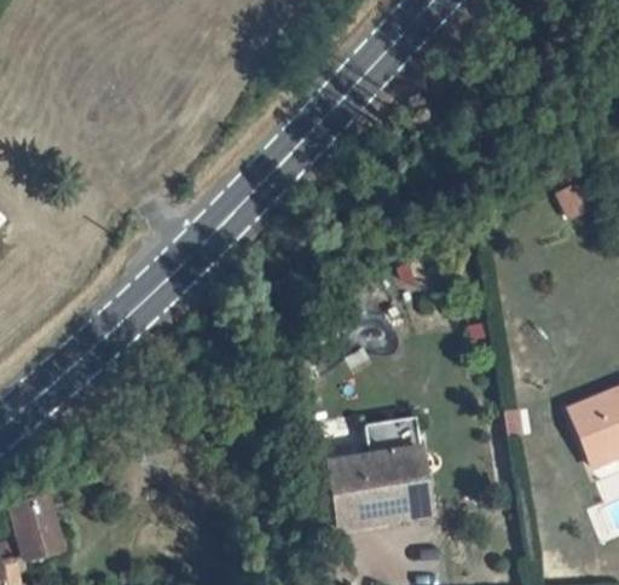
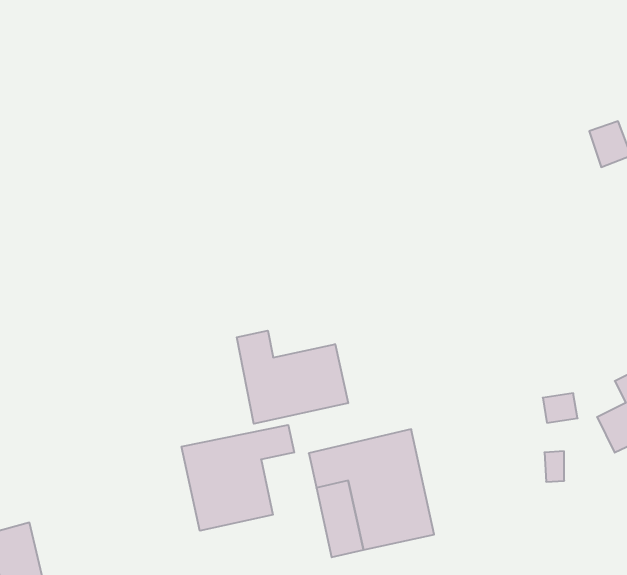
building: none -> [237,331,348,424]
building: none -> [182,425,294,531]

